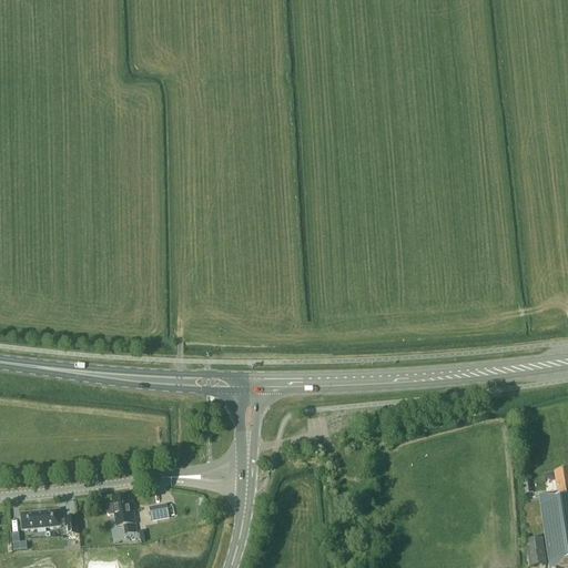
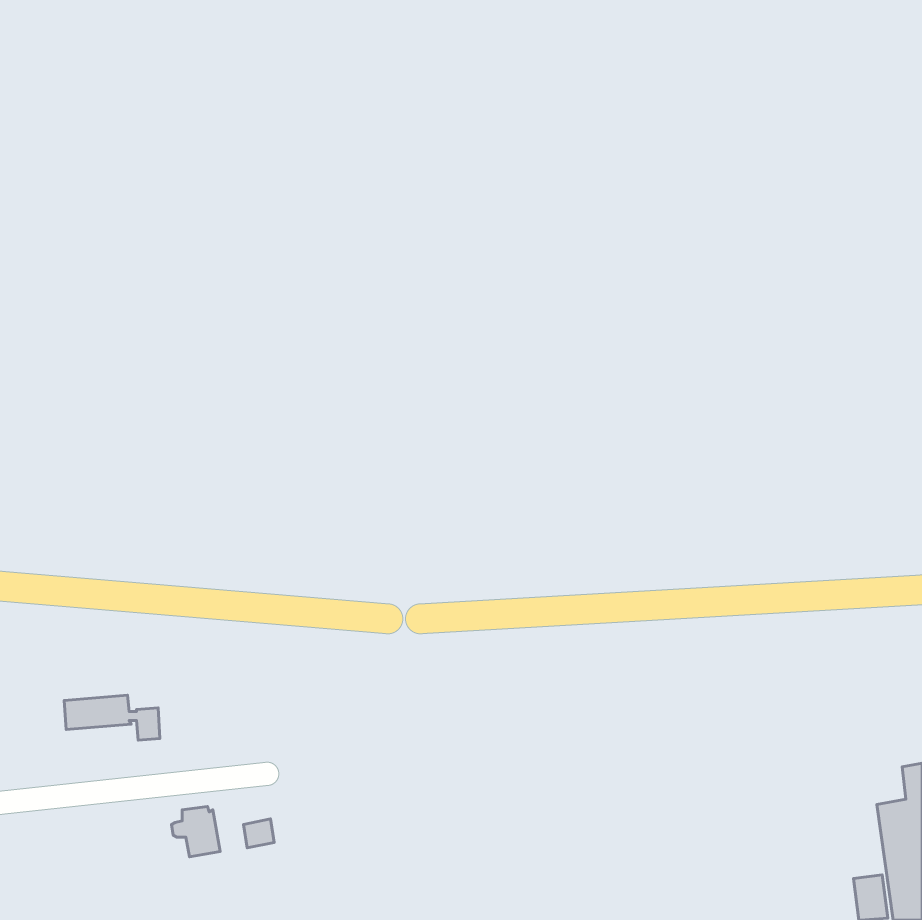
building: [20,509,79,537] -> [64,695,160,740]

